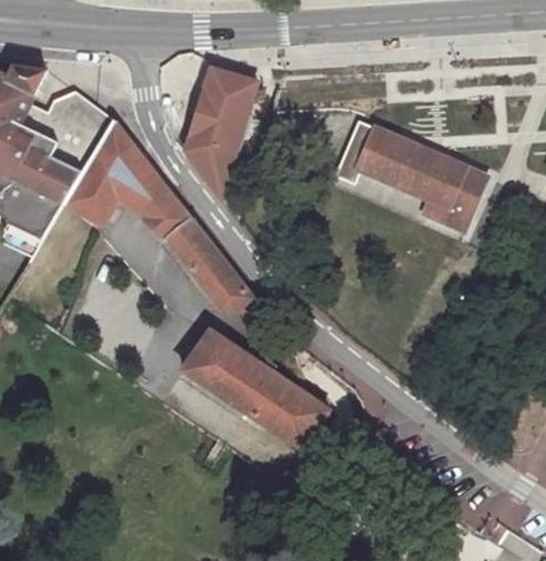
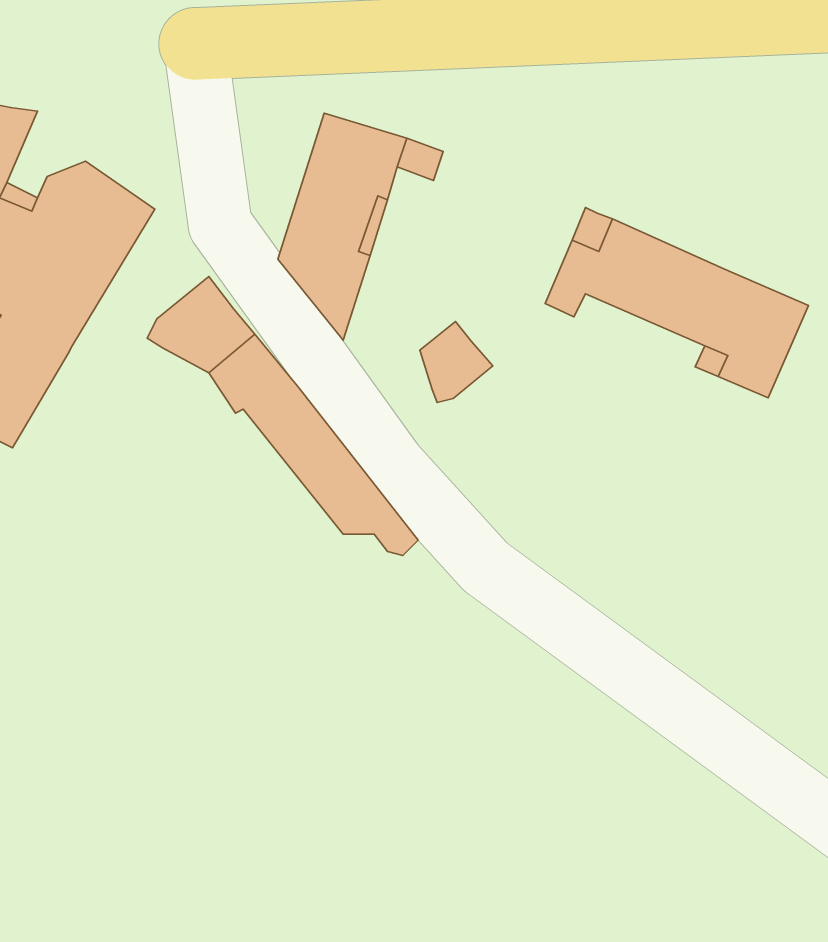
building: [64,121,144,225] -> none
building: none -> [420,321,493,403]
building: [183,329,325,446] -> none

